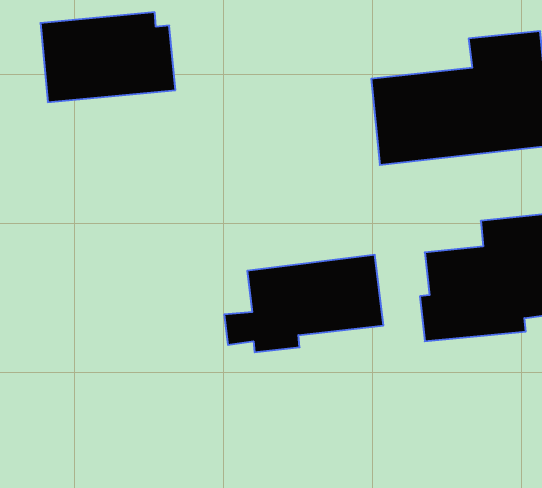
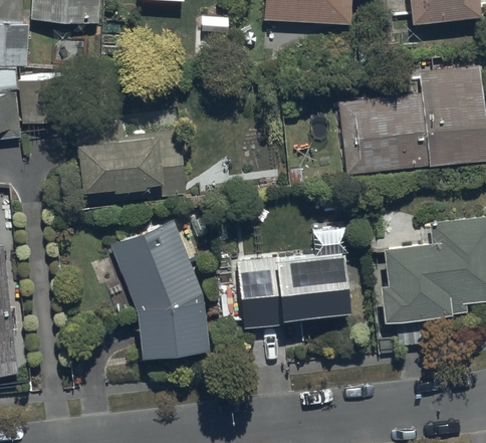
building: [40,12,175,102] -> [75,130,187,204]
building: none -> [111,221,208,355]

